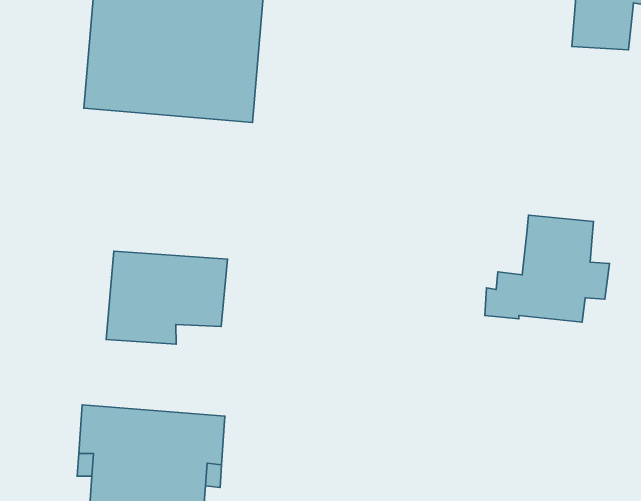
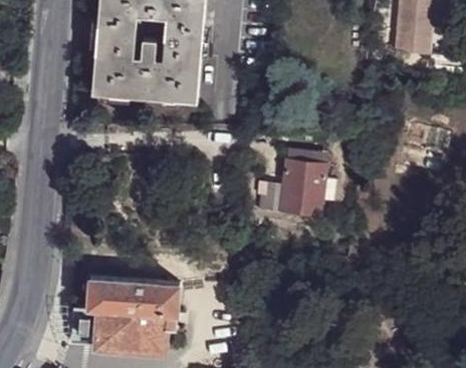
building: [485,215,610,322] -> [259,150,336,217]
building: [106,251,227,344] -> none

